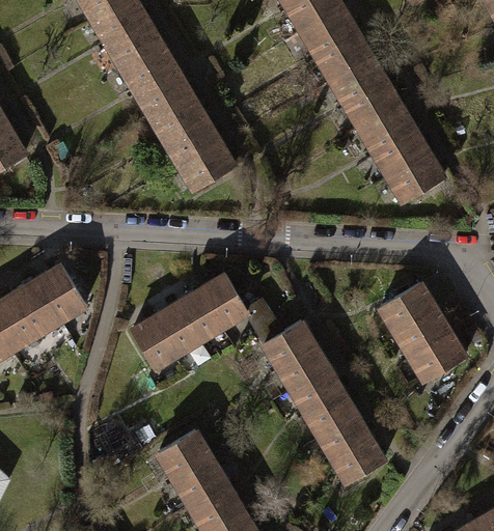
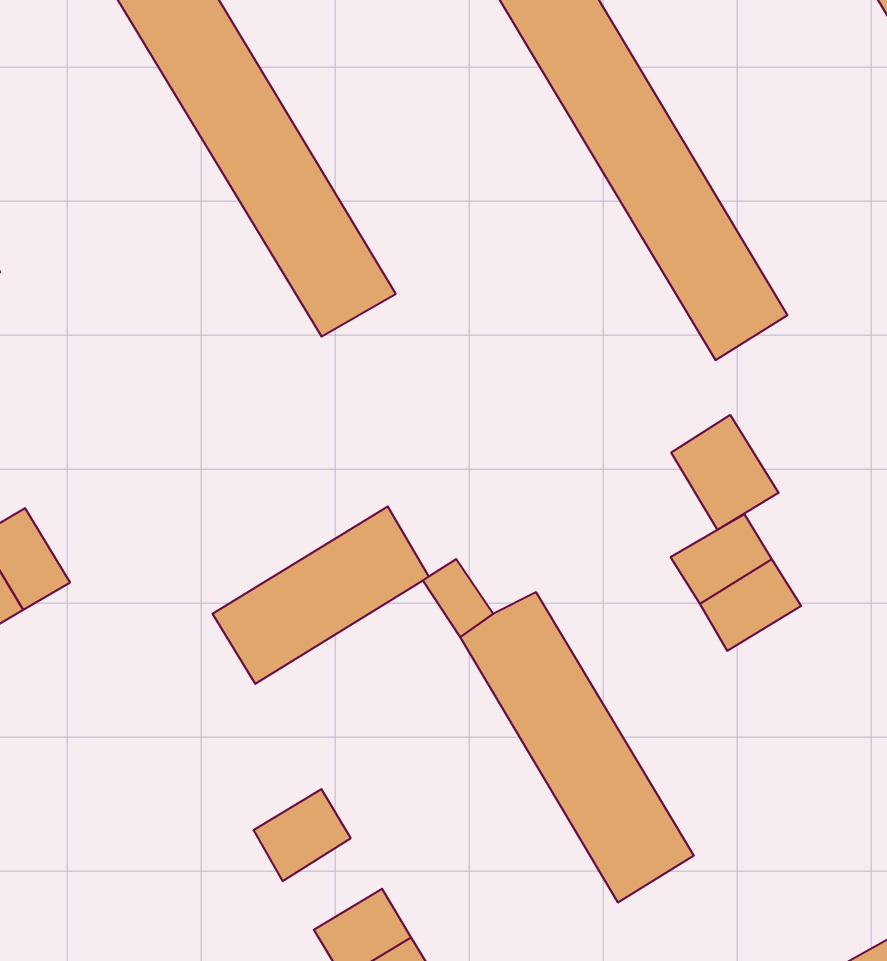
building: none -> [671,415,779,530]
building: [34,263,83,318] -> none
building: [408,331,462,380] -> none
building: [171,454,224,503] -> none

